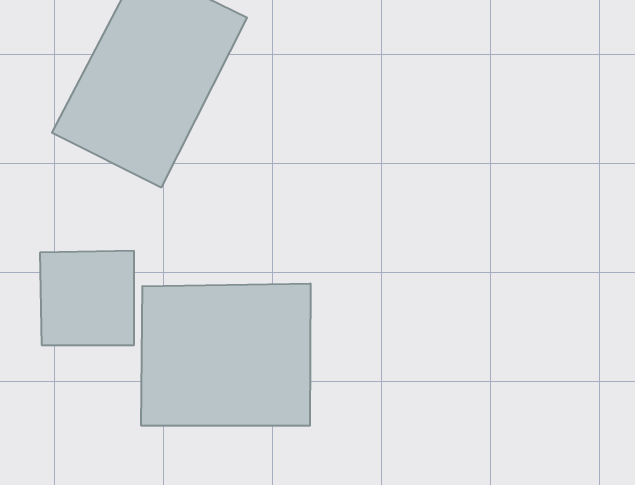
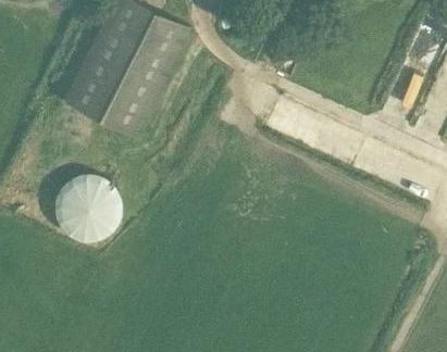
building: [141,283,310,426] -> none

